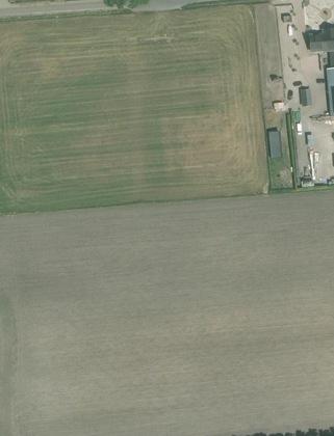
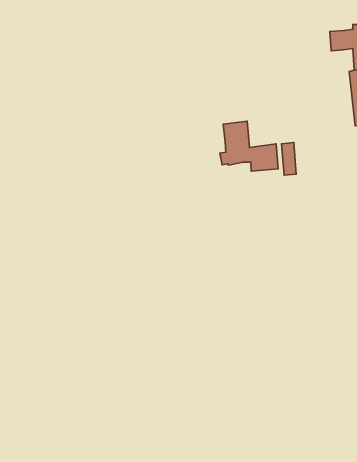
building: none -> [220,121,278,171]

